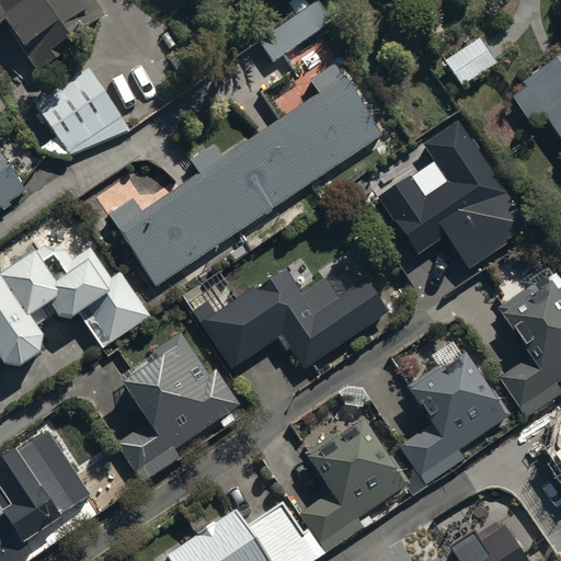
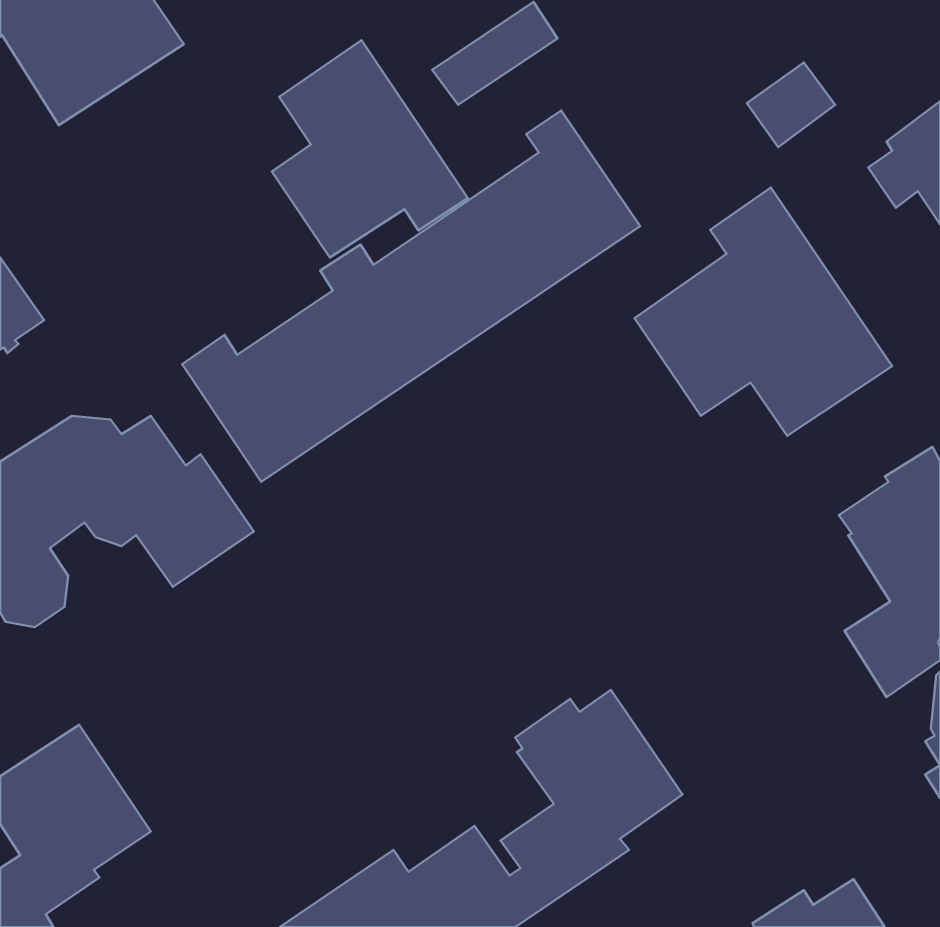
building: none -> [272,40,468,258]
building: [35,67,129,154] -> none
building: [183,270,388,370] -> none
building: [117,333,240,483] -> none
building: [399,358,511,486] -> none

